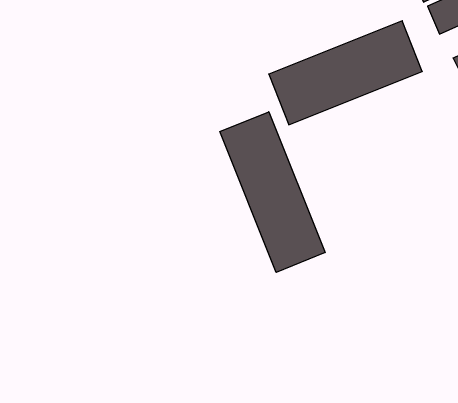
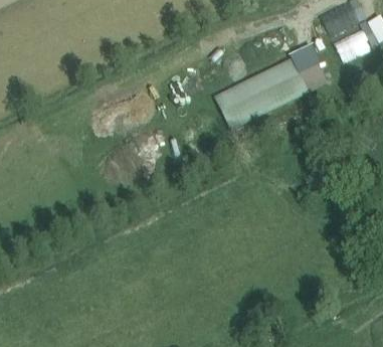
building: [220,112,325,272] -> none

